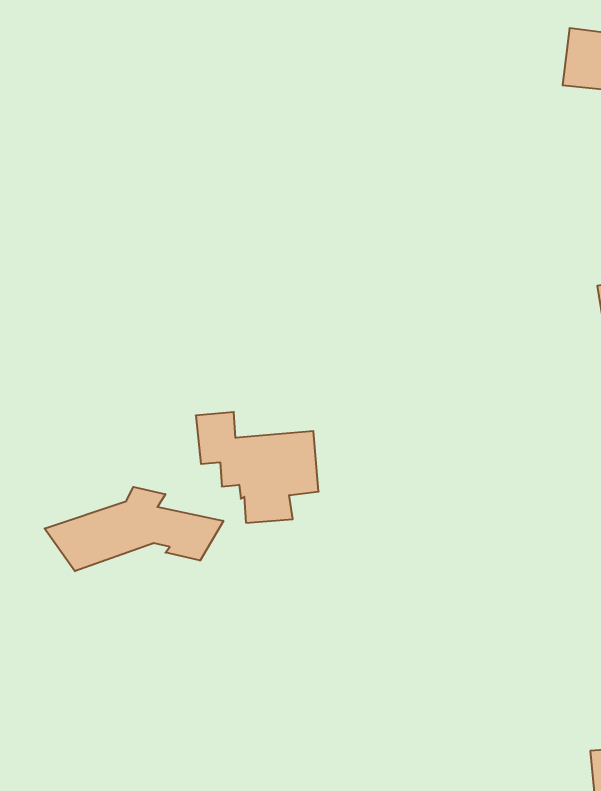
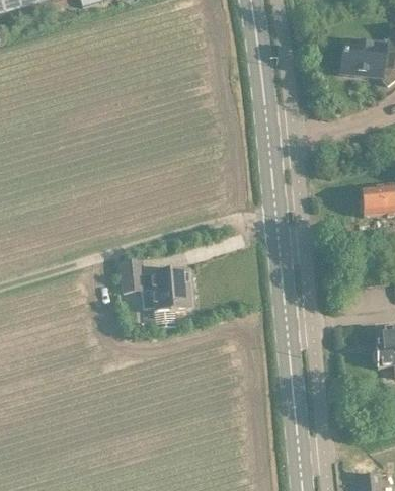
building: [45,487,223,571] -> none

